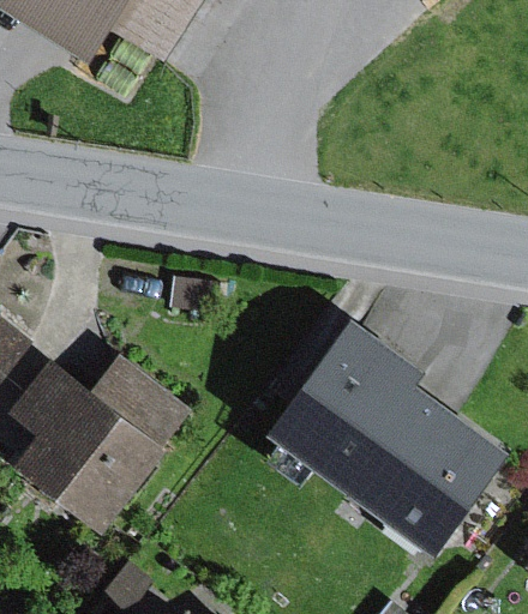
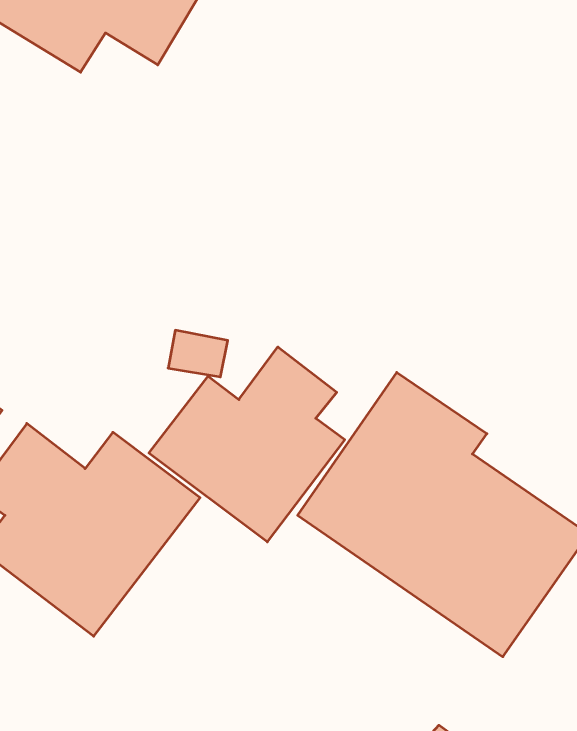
building: none -> [149,347,345,542]

